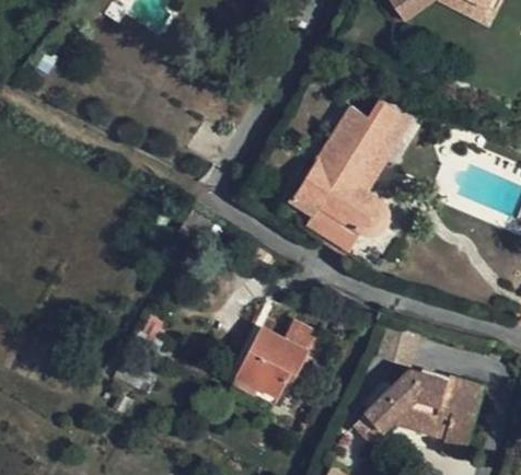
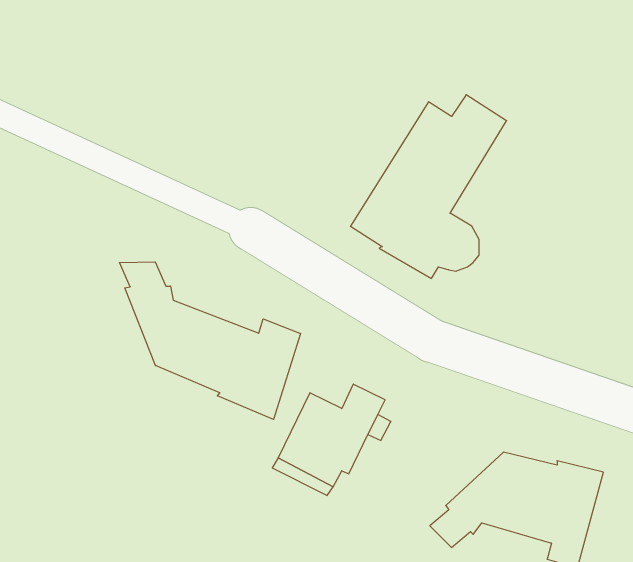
building: none -> [119,262,301,419]

